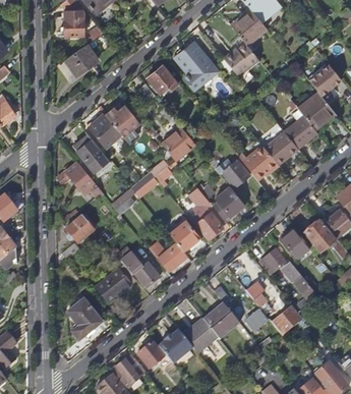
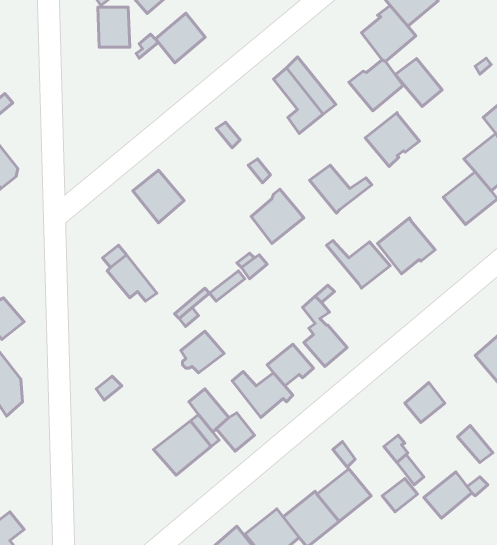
building: none -> [395,58,442,106]
building: [65,47,97,78] -> [156,13,205,63]
building: [147,63,178,94] -> none
building: [105,105,139,143] -> none
building: none -> [309,165,372,213]
building: [264,129,298,164] -> [365,112,419,167]
building: [73,133,109,171] -> none
building: [212,185,245,220] -> none
building: [66,217,94,243] -> [181,331,224,373]
building: [279,226,310,258] -> none
building: [67,299,102,340] -> none

